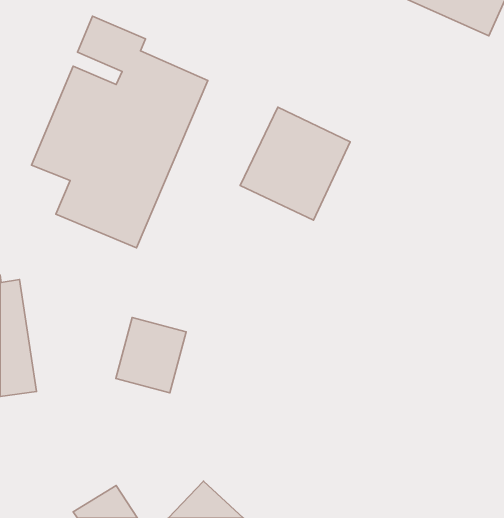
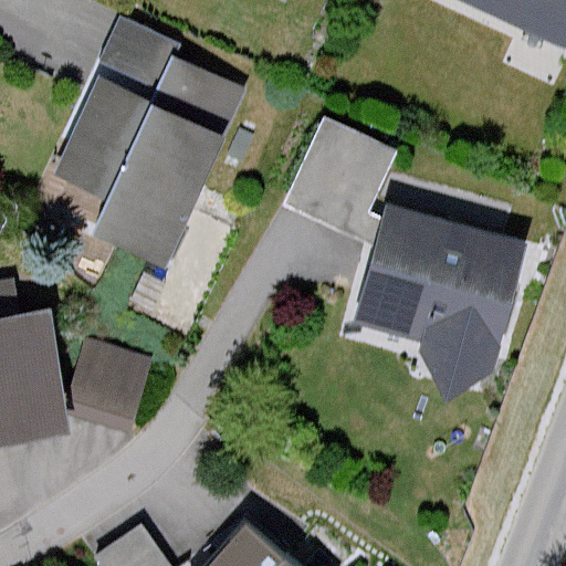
building: none -> [343,201,514,384]
building: [116,317,186,393] -> [73,344,149,426]

